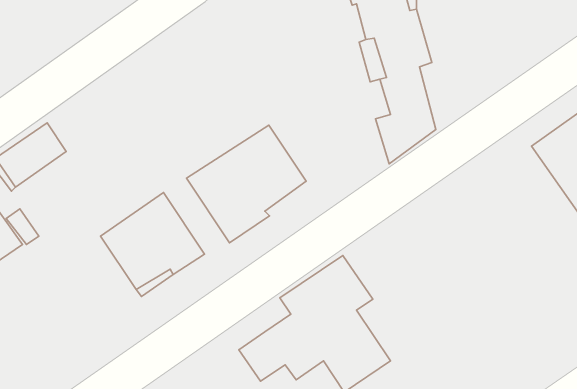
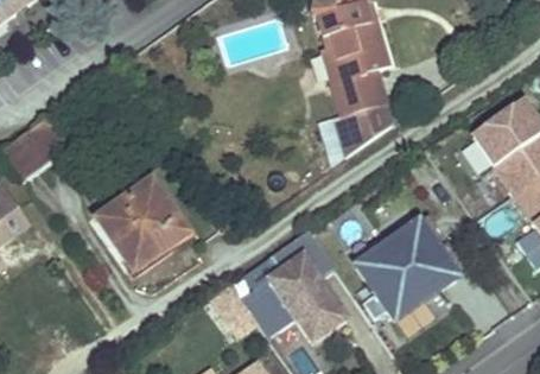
building: [186,125,306,243] -> none
building: none -> [360,226,456,322]

